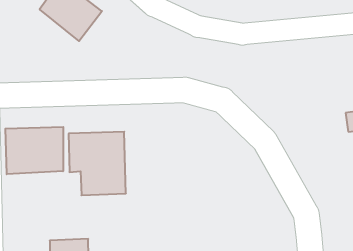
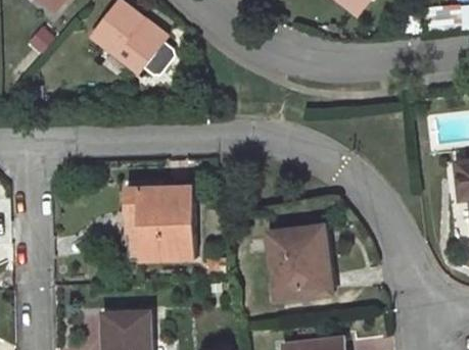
building: [5,127,63,174] -> none
building: none -> [269,223,329,297]

